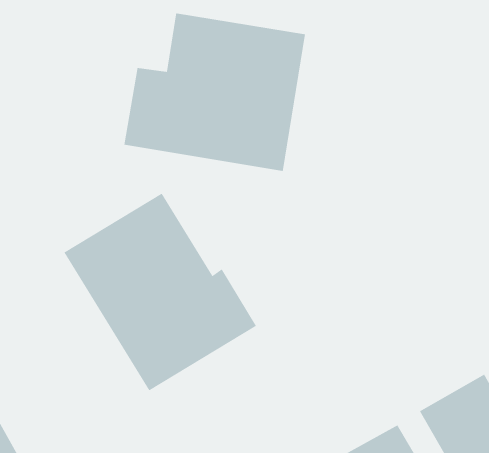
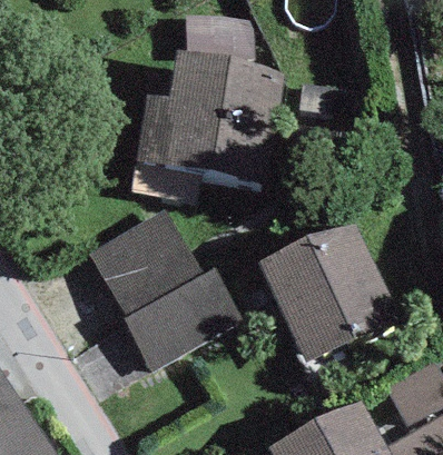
building: none -> [256,221,401,365]

